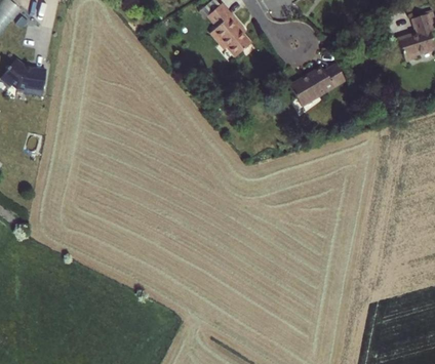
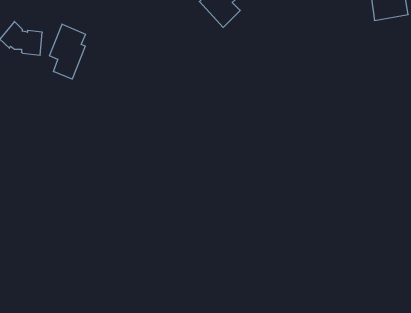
building: none -> [50,24,86,79]
building: [291,65,346,107] -> none

